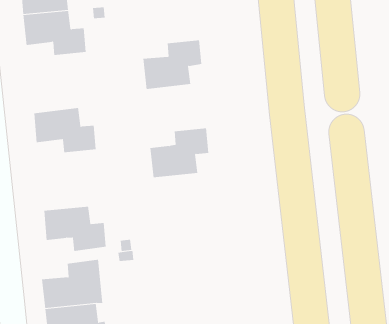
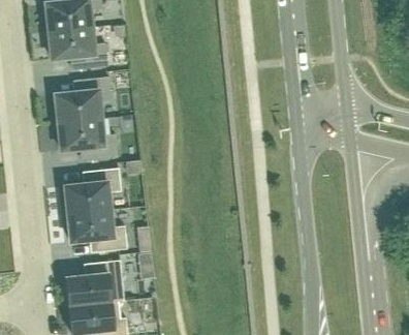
building: [142,40,202,90] -> [55,77,111,123]
building: [149,128,209,178] -> [64,168,120,214]

